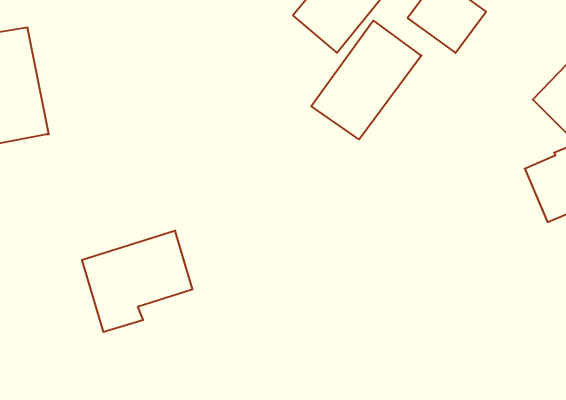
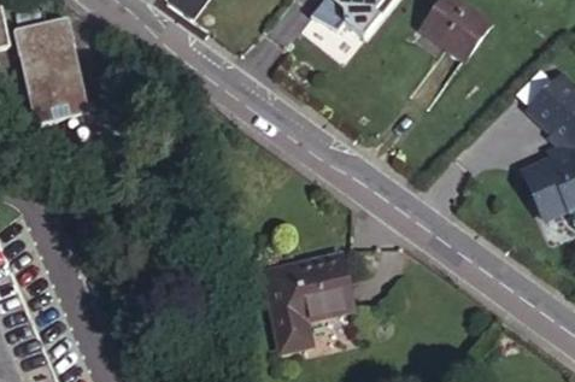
building: [311,21,422,139] -> none
building: [82,231,193,332] -> [257,255,357,347]

